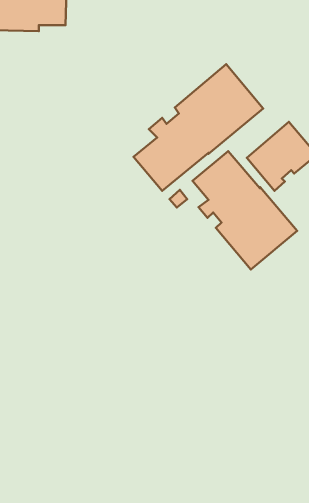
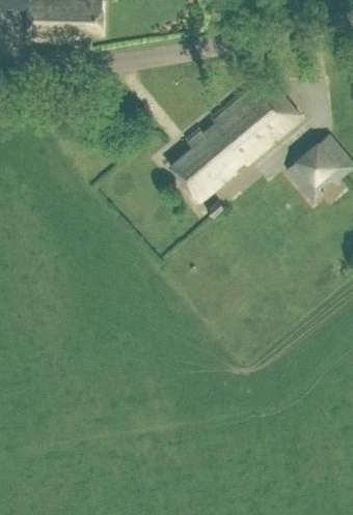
building: [192,151,297,270] -> none

